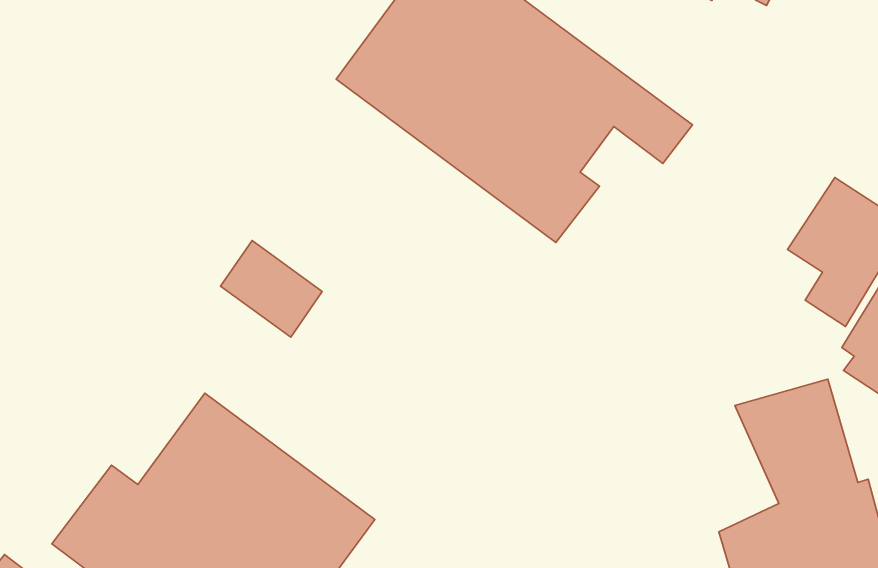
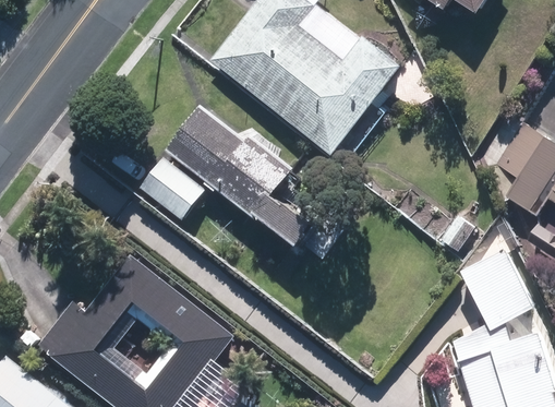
building: none -> [164,105,336,262]

